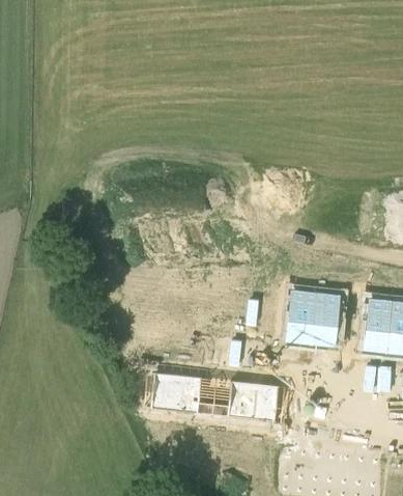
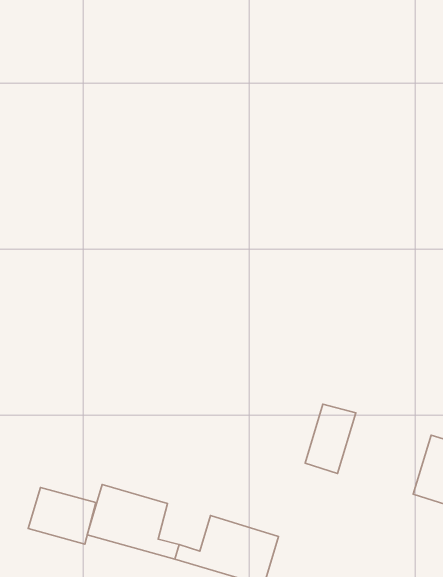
building: [312,296,341,341] -> none
building: none -> [28,487,96,544]

